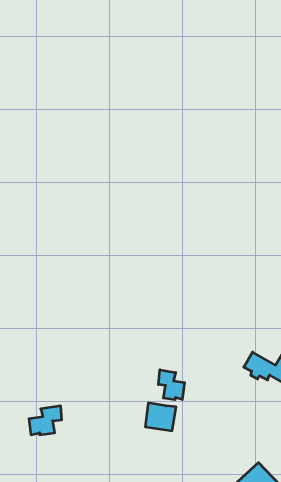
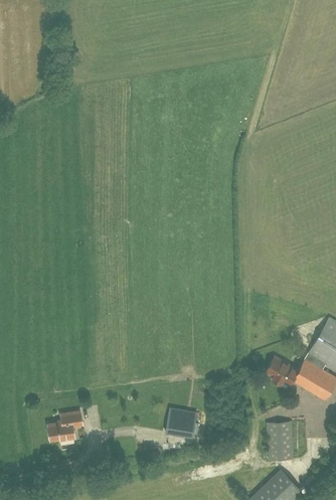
building: [158,370,185,400] -> none
building: none -> [268,422,294,460]

